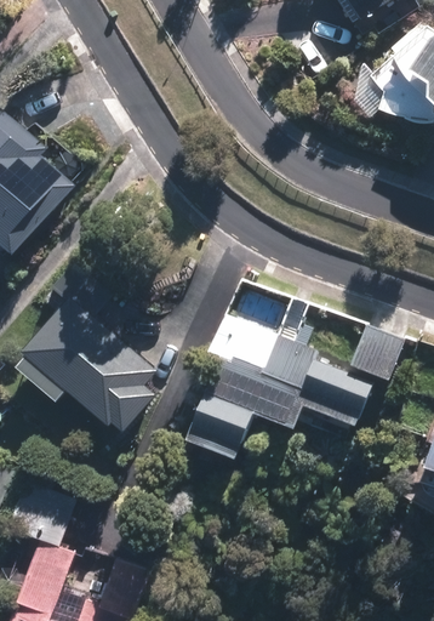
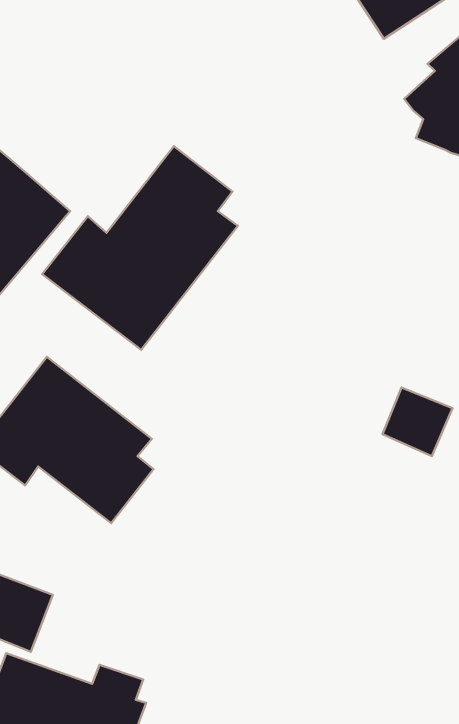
building: none -> [42,146,238,350]
building: [181,331,373,457] -> none

